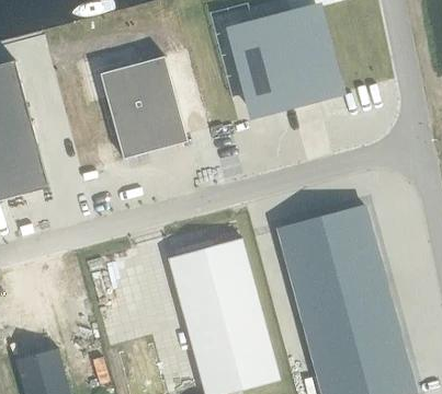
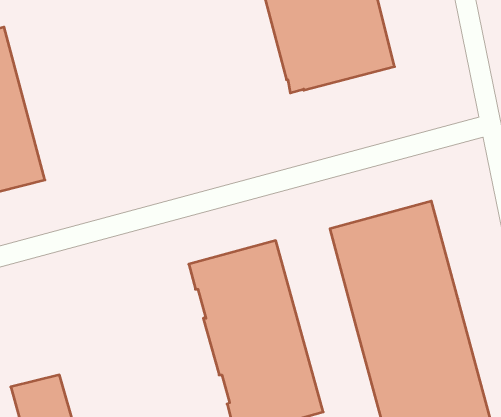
building: [97,56,185,160] -> none

